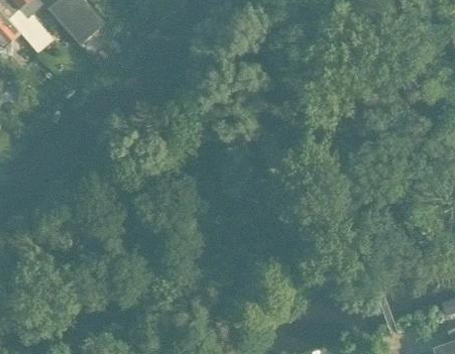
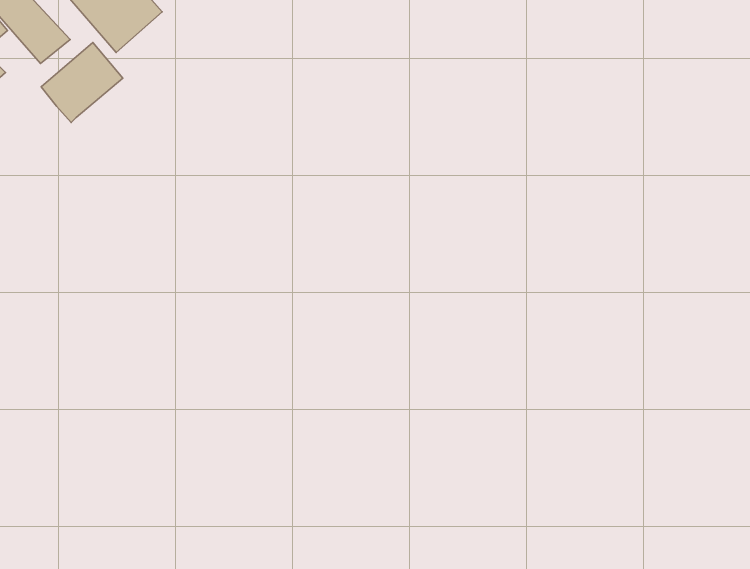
building: none -> [41,43,123,123]

